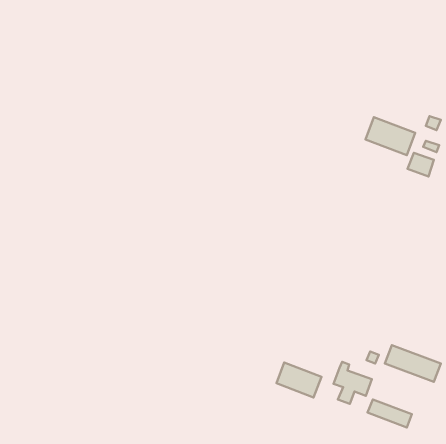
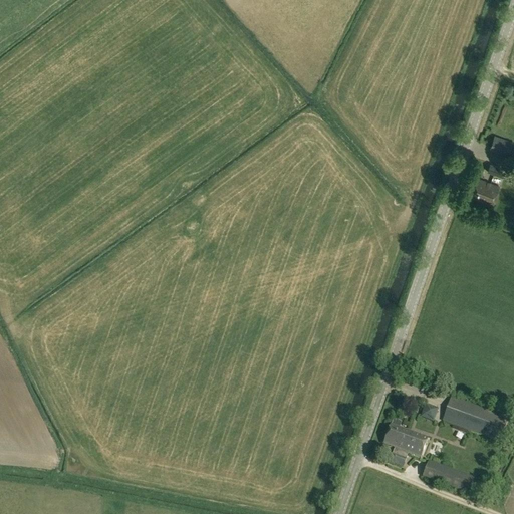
building: [365,117,415,155] -> none
building: [276,362,321,398] -> none

